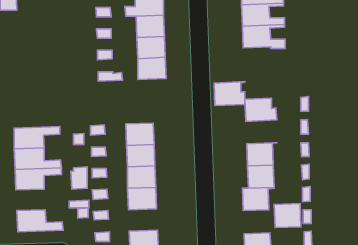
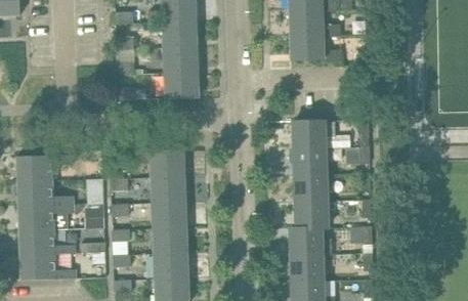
building: [214,81,245,105] -> [294,146,331,175]
building: none -> [19,229,75,255]
building: [274,204,301,228] -> [291,254,323,283]
building: none -> [154,253,188,280]

